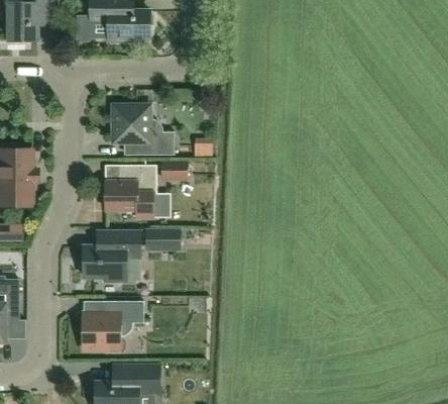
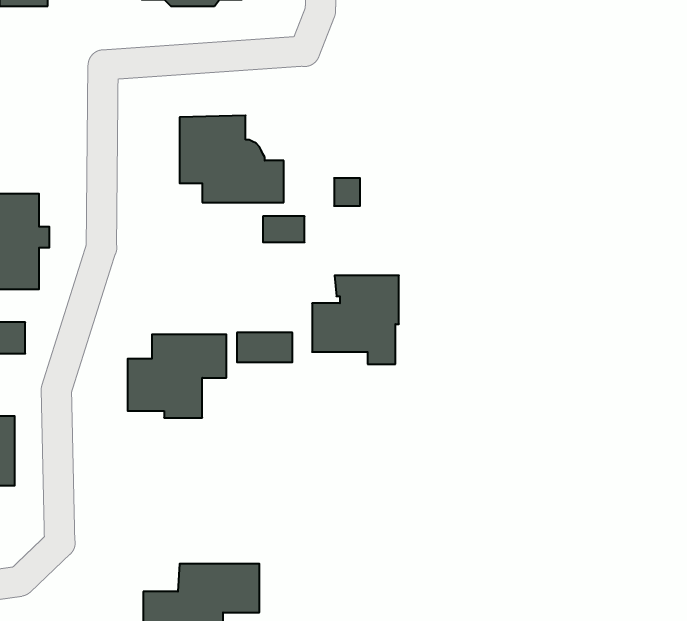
building: [105,165,155,216] -> [312,275,399,364]
building: [83,300,143,348] -> none

